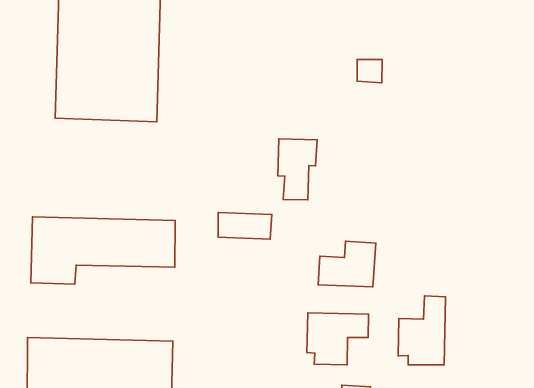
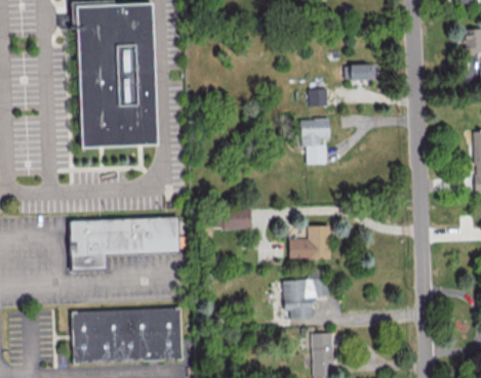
building: none -> [348,62,373,79]
building: [278,139,317,200] -> [298,117,327,163]
building: [398,296,446,365] -> none

